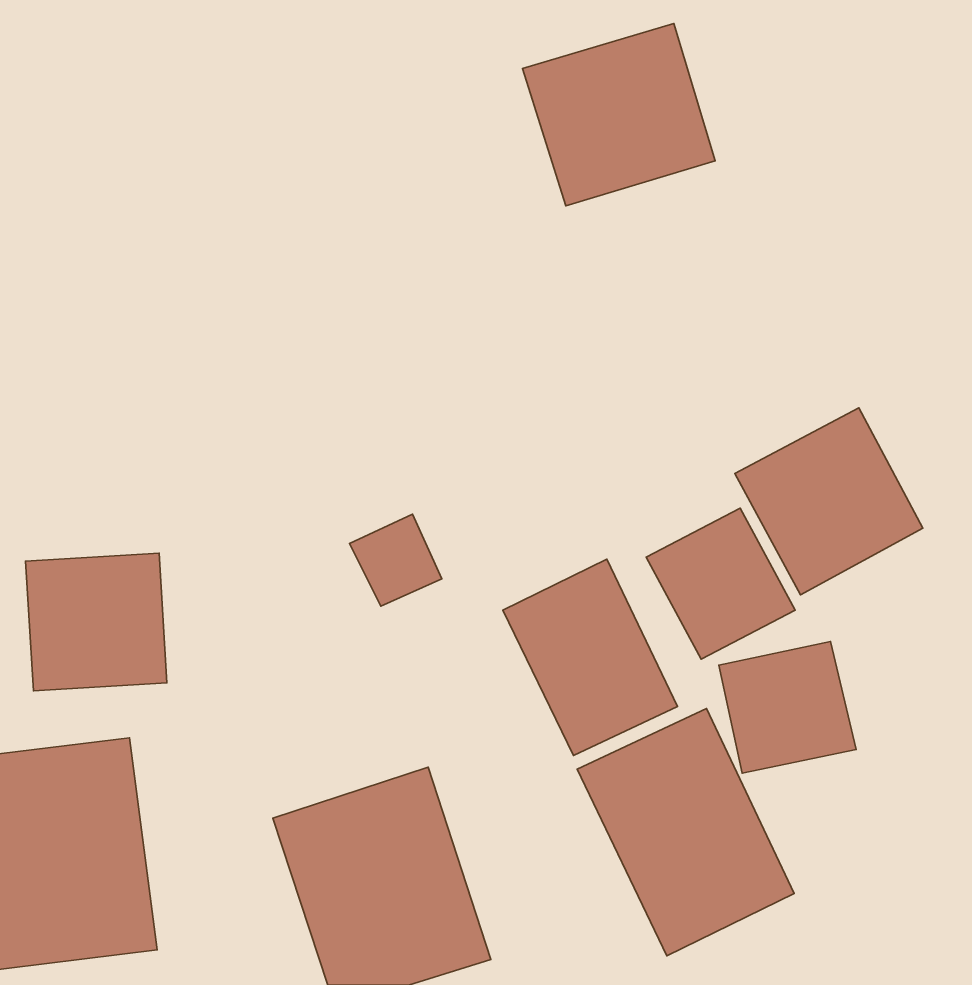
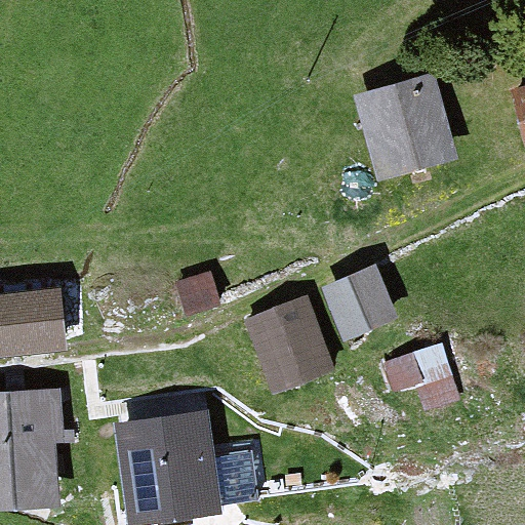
building: [523,23,715,206] -> [363,75,463,170]
building: [735,408,923,595] -> none
building: [577,709,794,956] -> none

